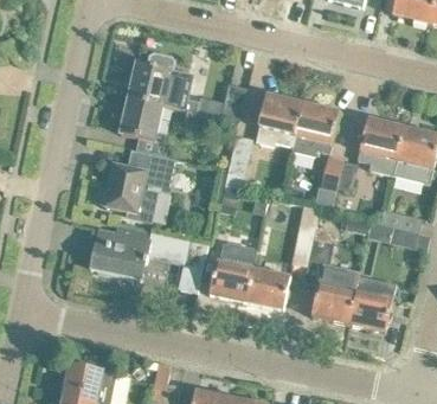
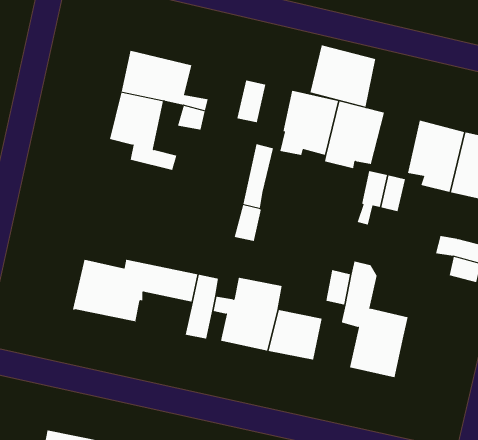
building: none -> [310,44,376,108]
building: [98,148,185,219] -> none
building: [347,274,394,331] -> none

